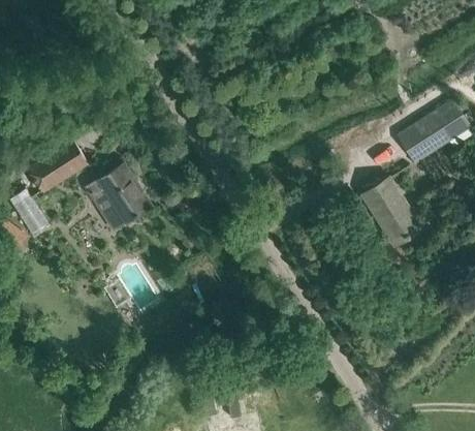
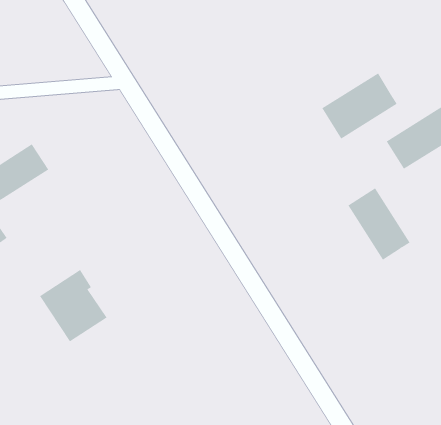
building: none -> [322,73,397,139]
building: [86,162,149,229] -> [39,269,108,342]

